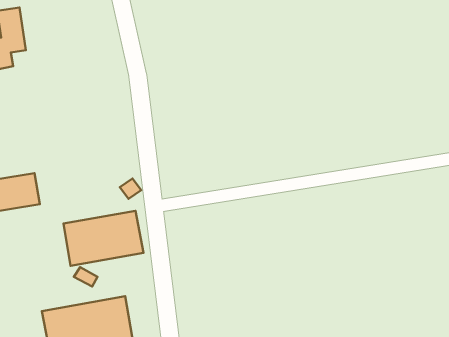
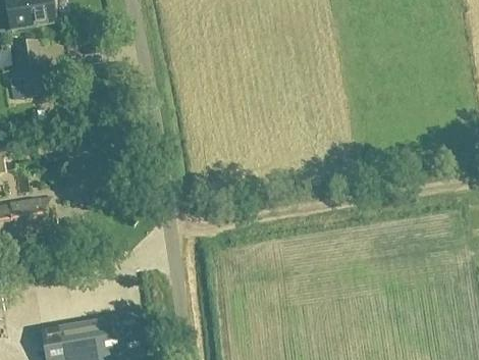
building: [64,211,143,266] -> none

